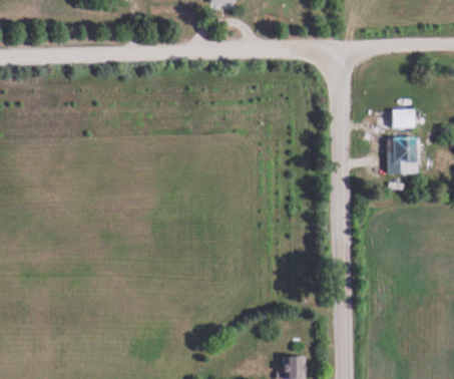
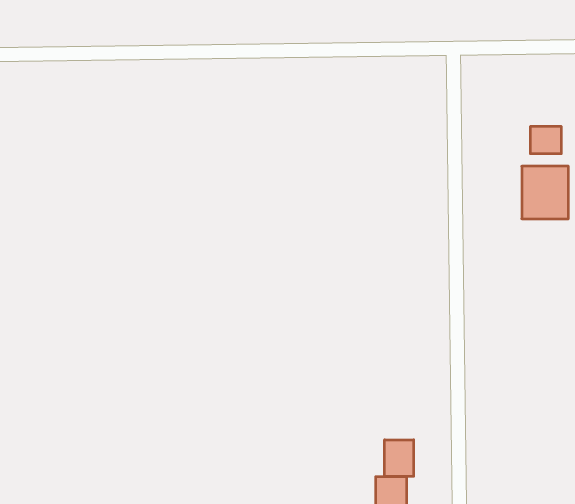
building: none -> [385,440,414,476]

